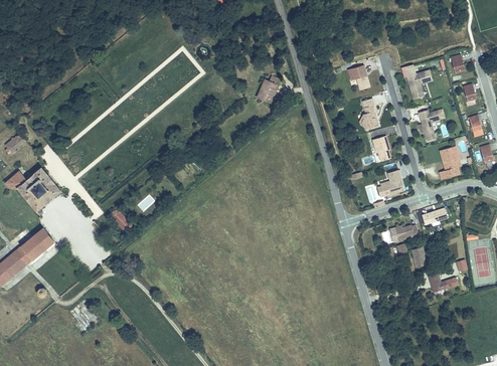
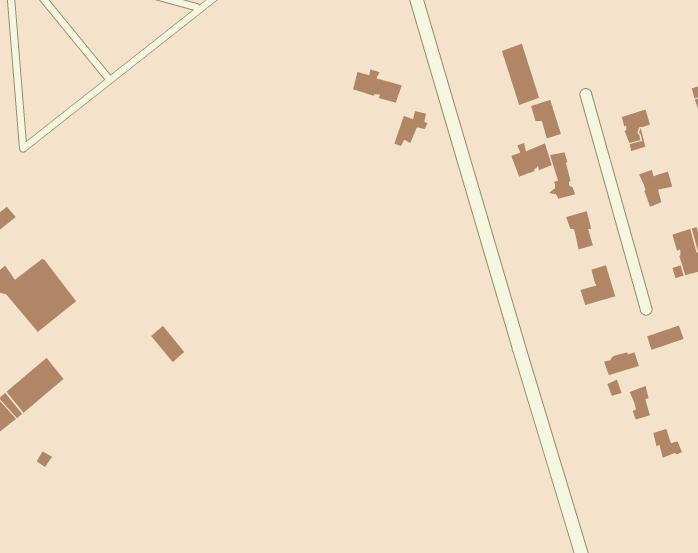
building: none -> [501,43,540,106]
building: none -> [352,68,402,104]
building: none -> [510,142,553,178]

